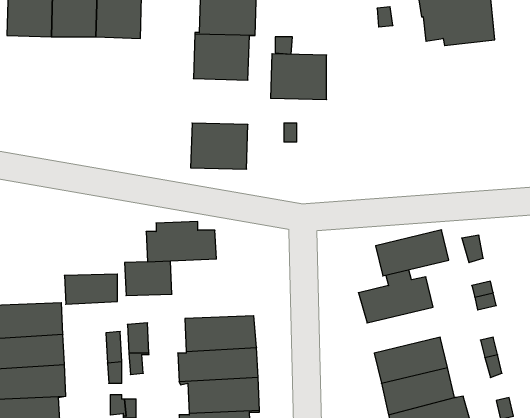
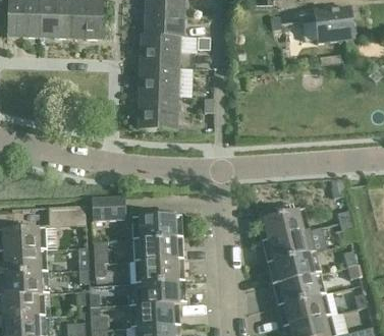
building: [271,54,327,100] -> [139,67,178,100]
building: [146,222,216,262] -> [132,209,182,237]
building: [376,230,449,276] -> [263,229,315,262]

